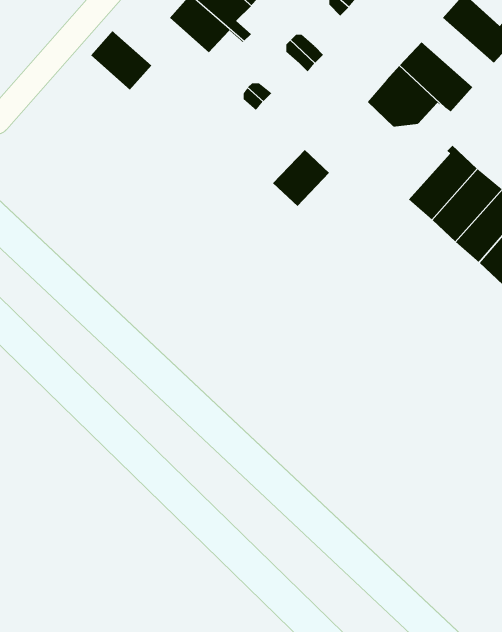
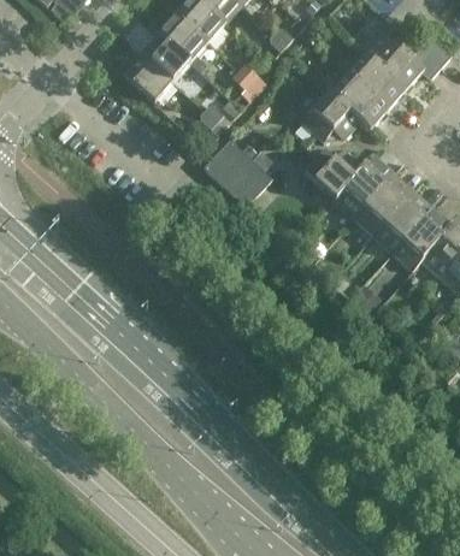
building: none -> [346,52,405,108]
building: [90,30,152,91] -> [122,52,172,101]
building: none -> [204,138,250,187]
building: none -> [303,148,368,200]

